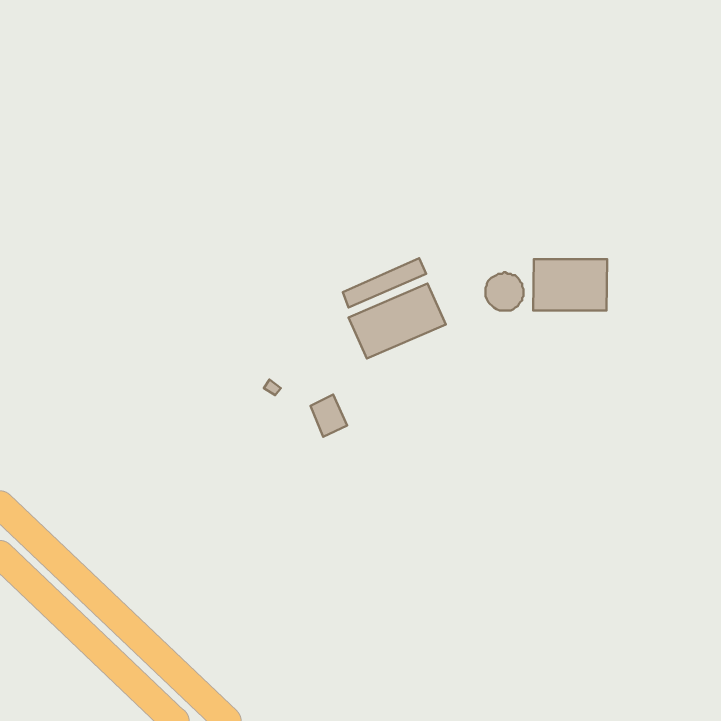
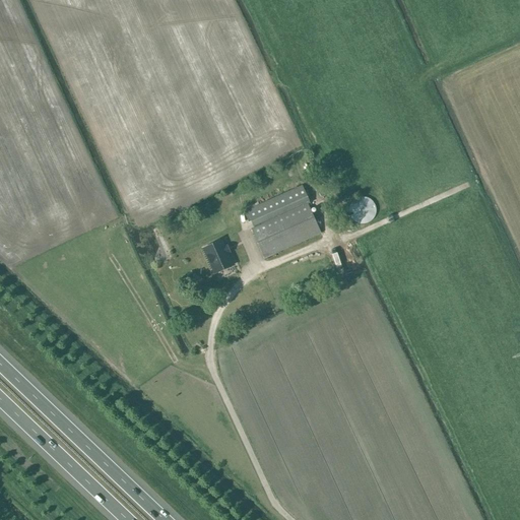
building: [533,259,607,310] -> none
building: [311,395,347,437] -> [204,240,231,270]

